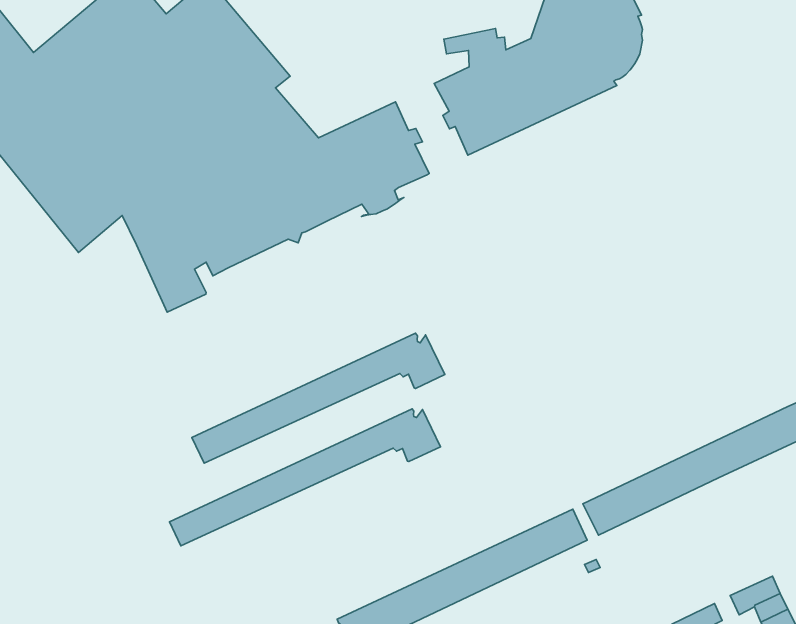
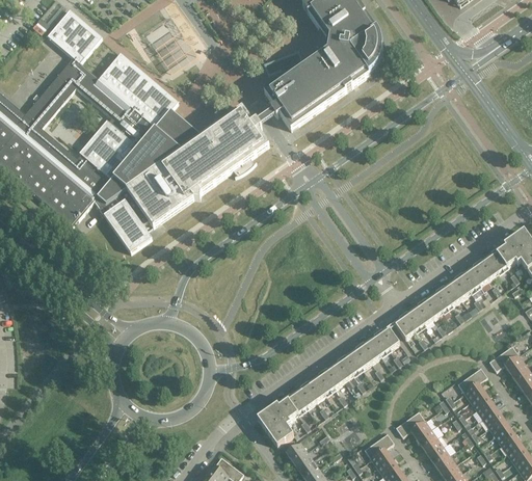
building: [192,333,445,463] -> none
building: [169,409,441,546] -> none

